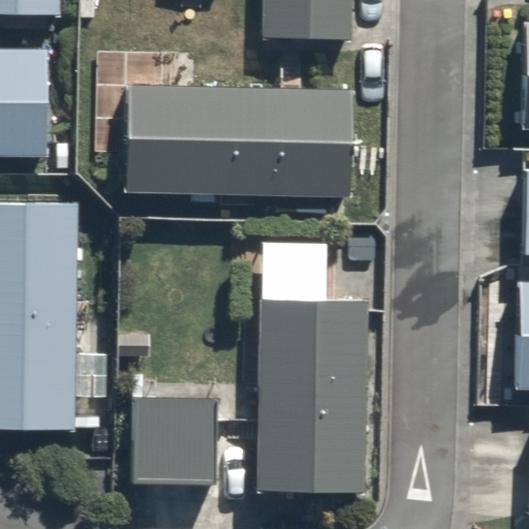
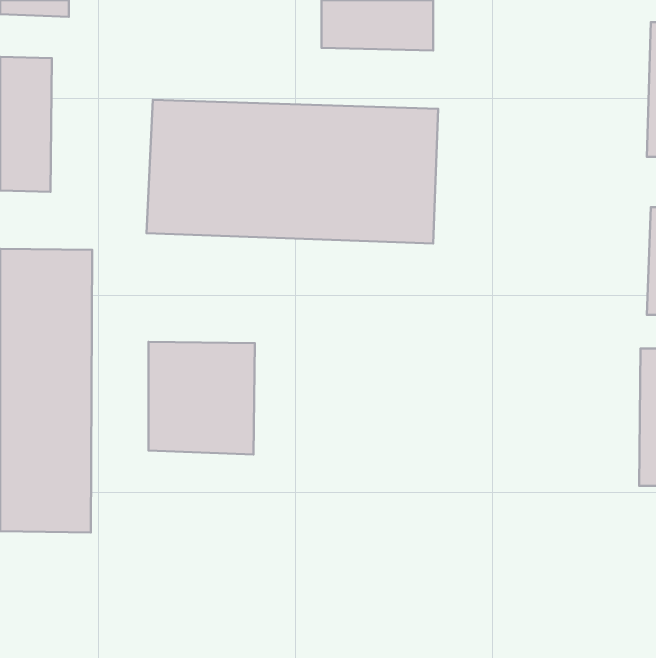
building: [254,299,366,493] -> none
building: [131,397,216,487] -> [149,342,255,454]

